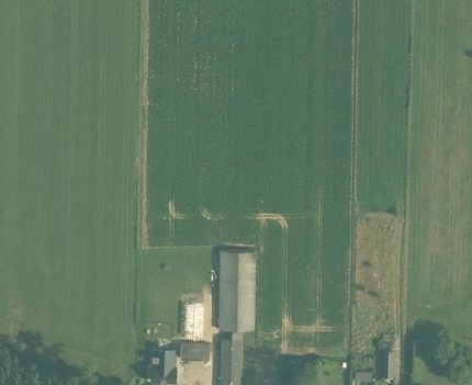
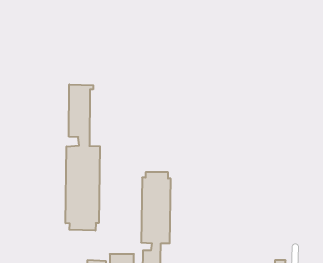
building: none -> [66,84,100,231]

